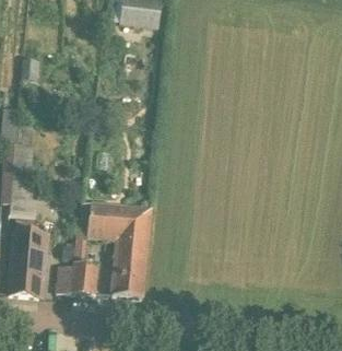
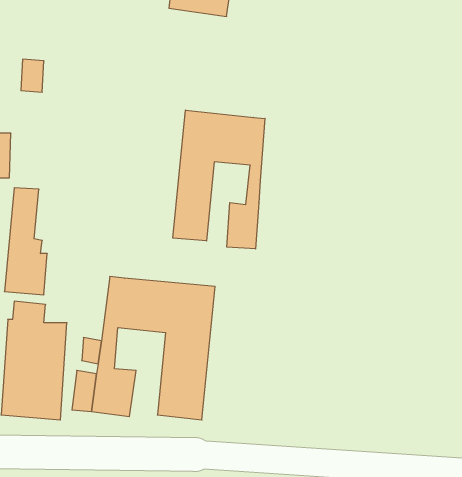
building: none -> [173,110,265,249]

